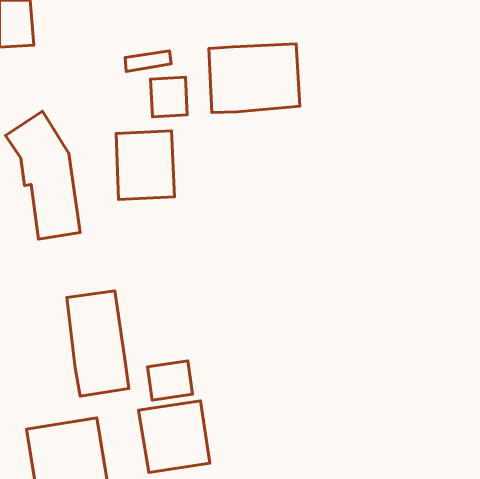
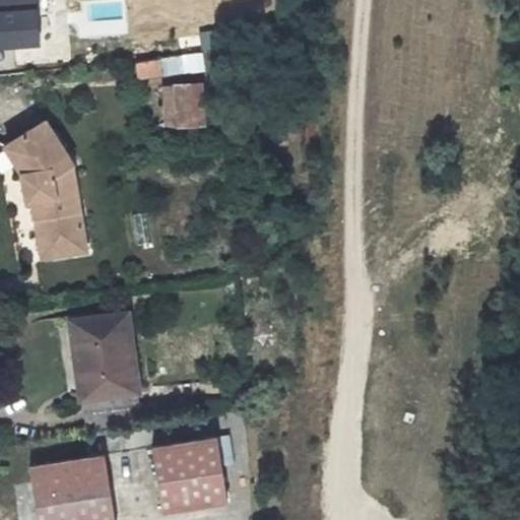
building: [209,44,300,112] -> none
building: [116,131,175,200] -> none
building: [147,361,193,400] -> none

